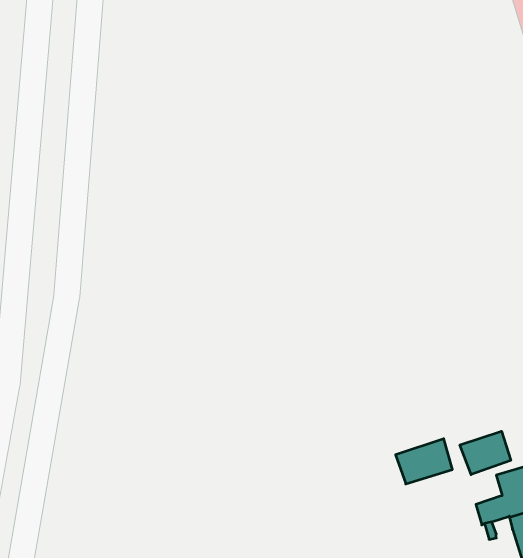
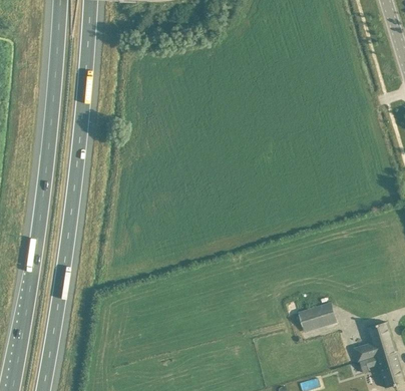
building: [460,431,511,475] -> none

